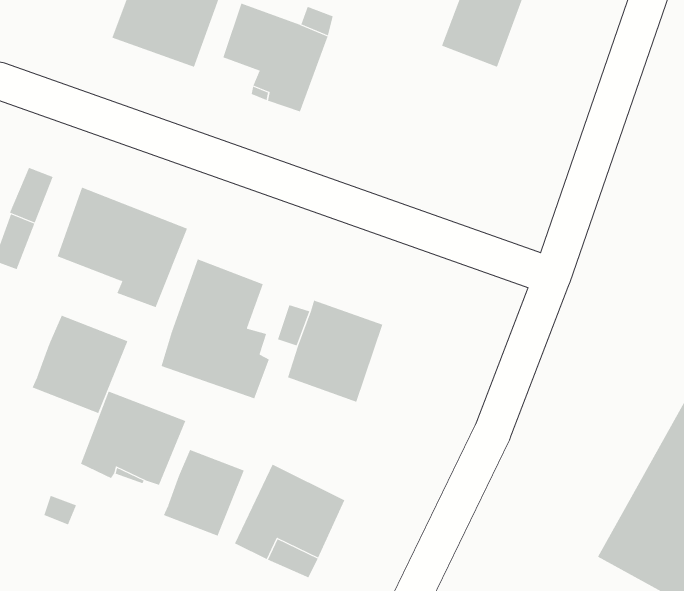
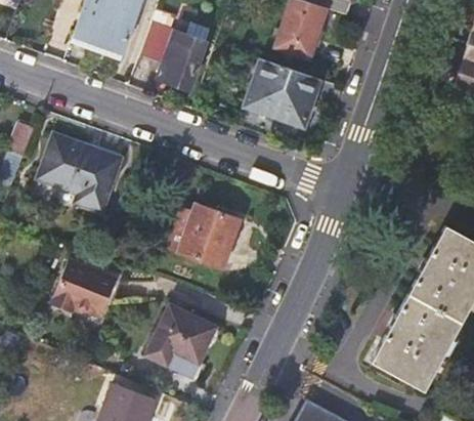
building: none -> [244,59,318,126]
building: [161,258,269,399] -> none
building: [32,315,128,414] -> none
building: [163,449,245,537] -> none

